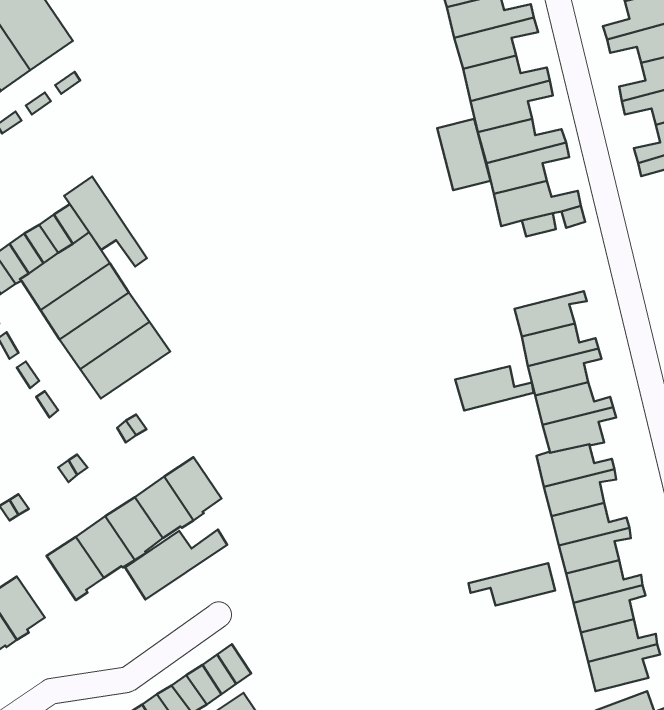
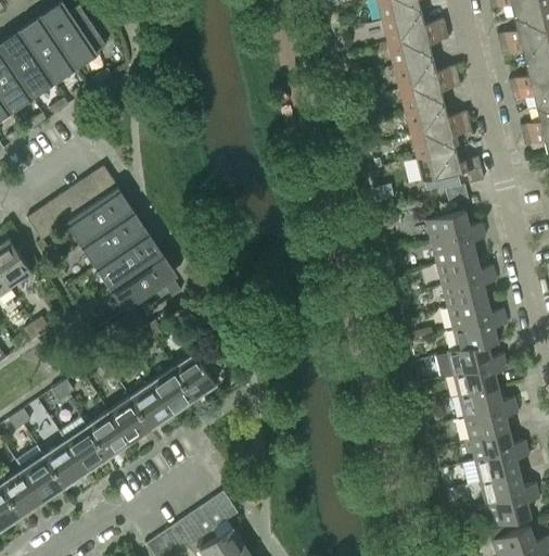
building: [437,119,490,190] -> none
building: [64,176,147,267] -> none
building: [455,366,533,410] -> [425,212,483,244]
building: [125,529,227,599] -> none
building: none -> [61,419,108,472]
building: [469,563,555,605] -> none

